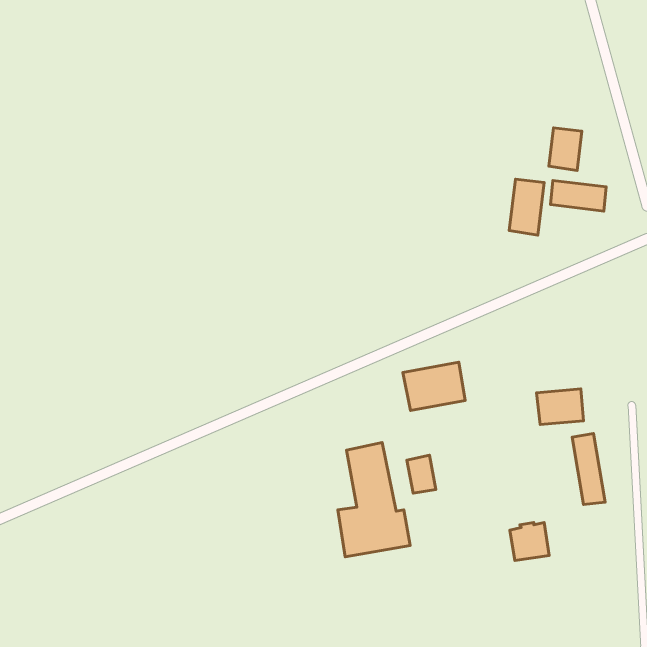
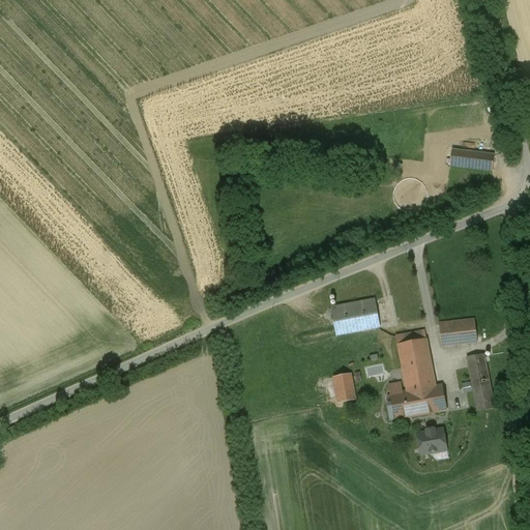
building: [549,128,582,171] -> none
building: [509,179,544,235] -> none
building: [338,442,410,557] -> [387,327,446,420]

